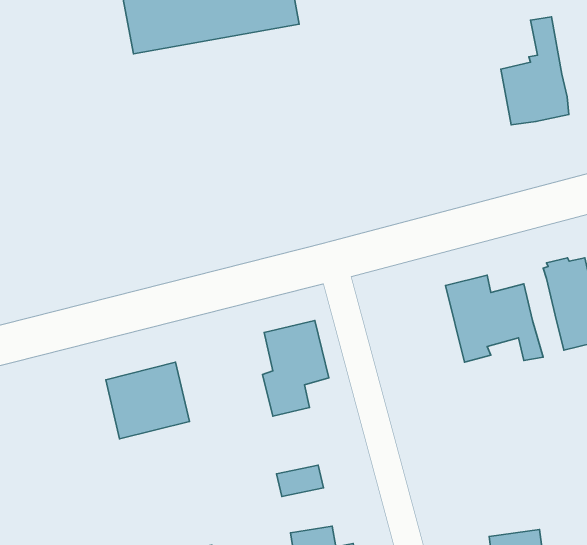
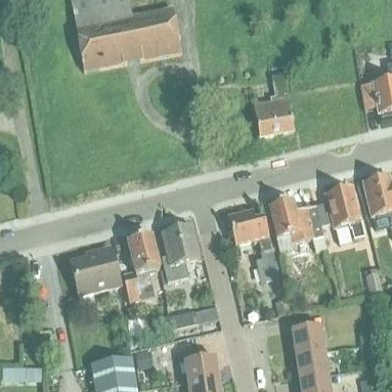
building: [501,17,569,125] -> [254,72,294,135]
building: none -> [229,208,279,279]
building: none -> [123,234,160,300]
building: none -> [291,321,324,351]

